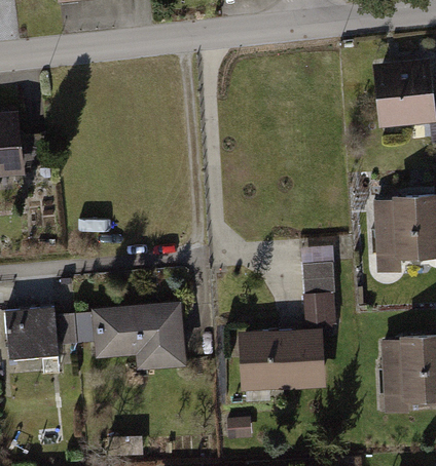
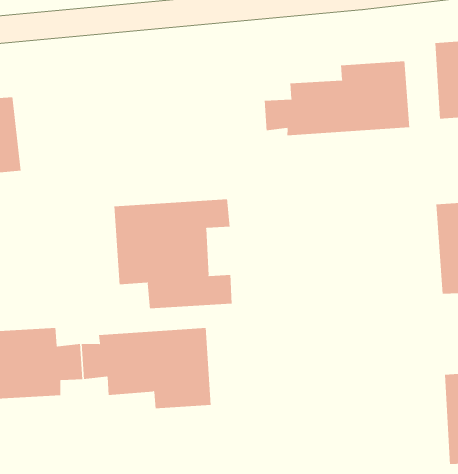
building: none -> [264,60,410,136]
building: none -> [114,199,232,309]
building: [239,245,335,394] -> none

